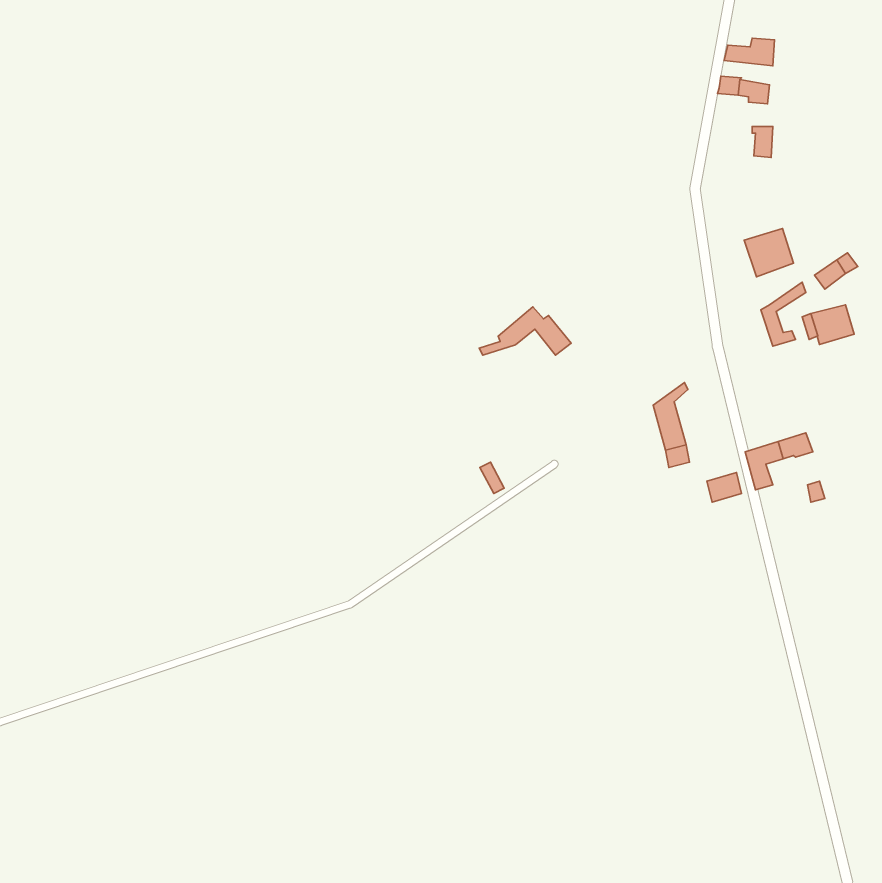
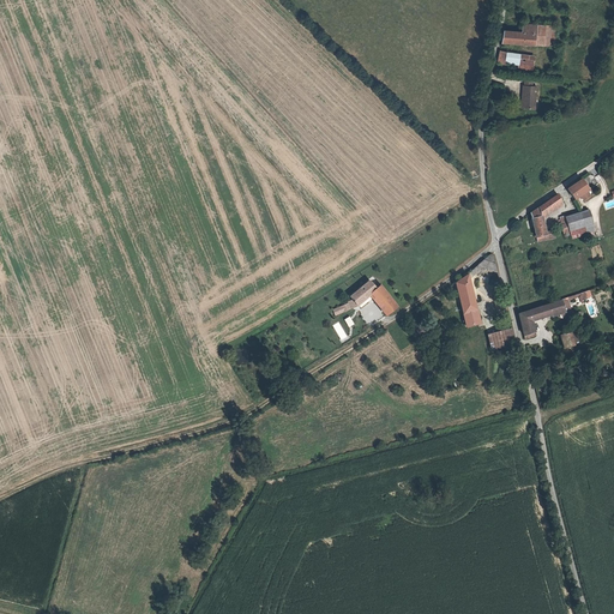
building: [744,228,794,277] -> none
building: [479,307,571,355] -> [335,279,398,313]

